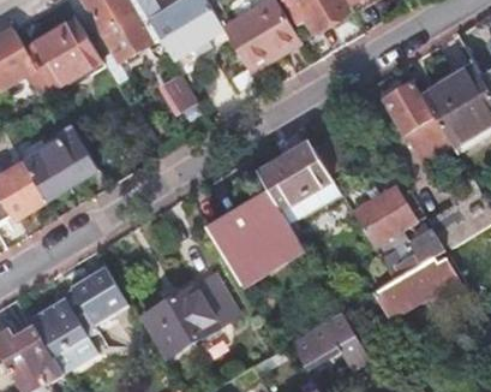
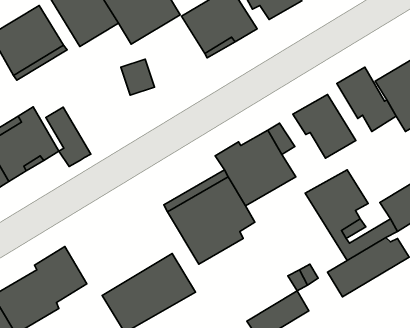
building: none -> [293,94,356,158]
building: none -> [46,107,91,167]

